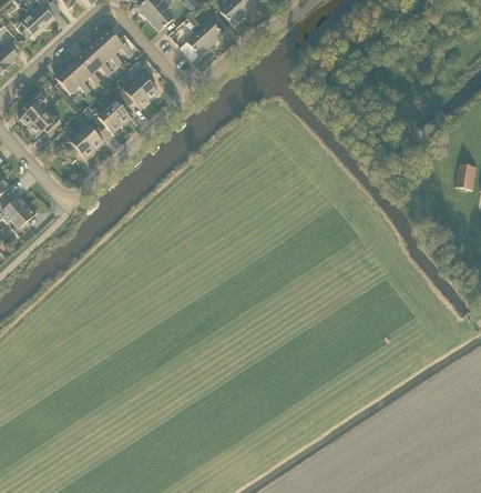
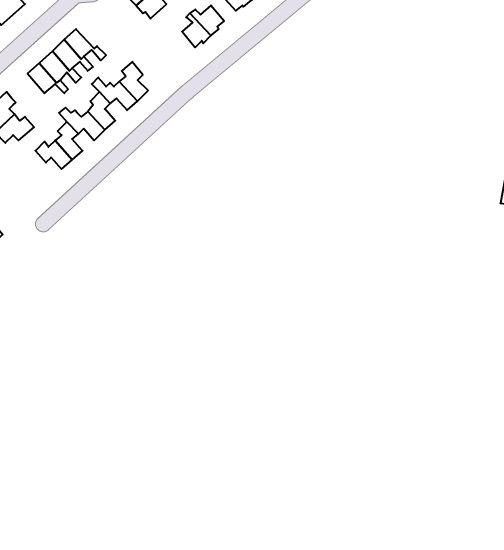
building: [96,29,134,56] -> none

